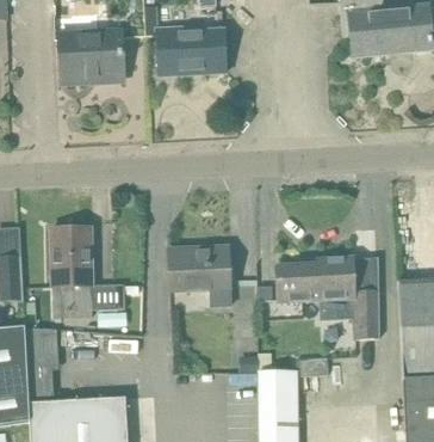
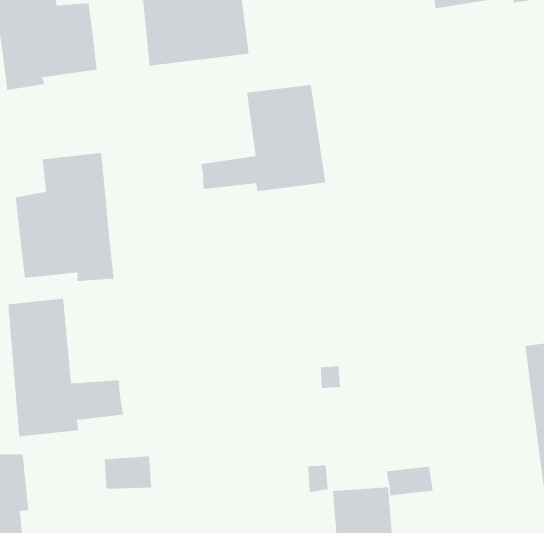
building: none -> [201,84,326,192]
building: none -> [15,152,114,282]
building: [168,245,230,306] -> none
building: [277,256,379,340] -> none

